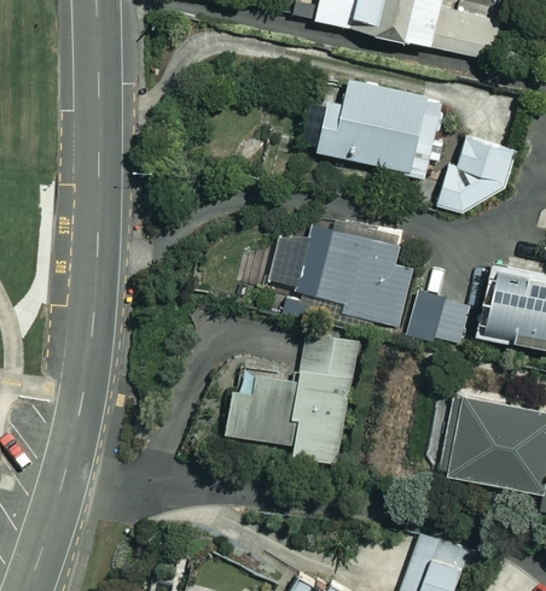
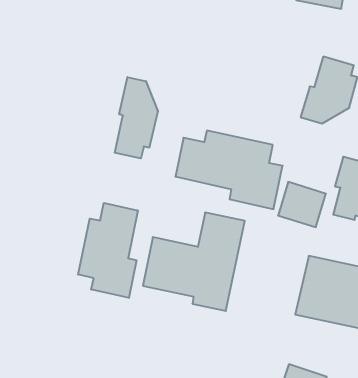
building: [314,80,449,186] -> none
building: none -> [115,77,158,158]
building: none -> [78,203,138,298]

